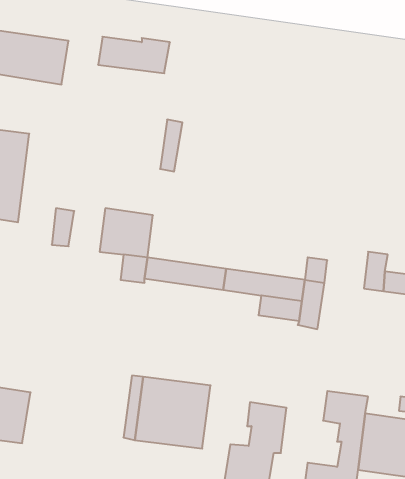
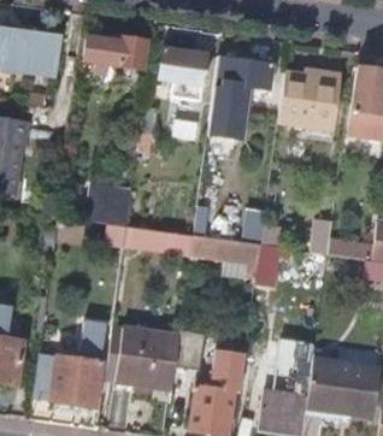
building: none -> [160,48,208,100]
building: none -> [210,57,273,137]
building: none -> [279,71,338,129]
building: none -> [35,322,107,407]

